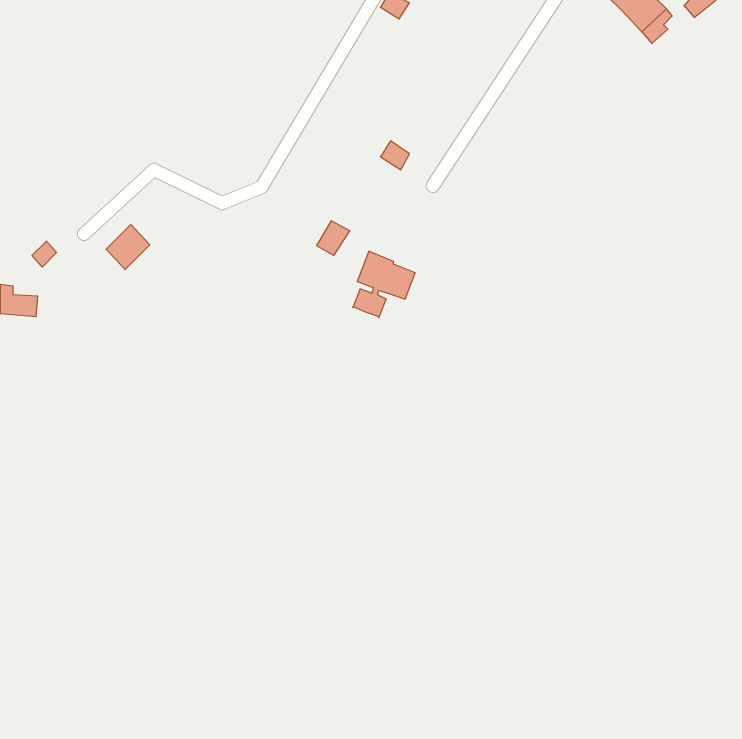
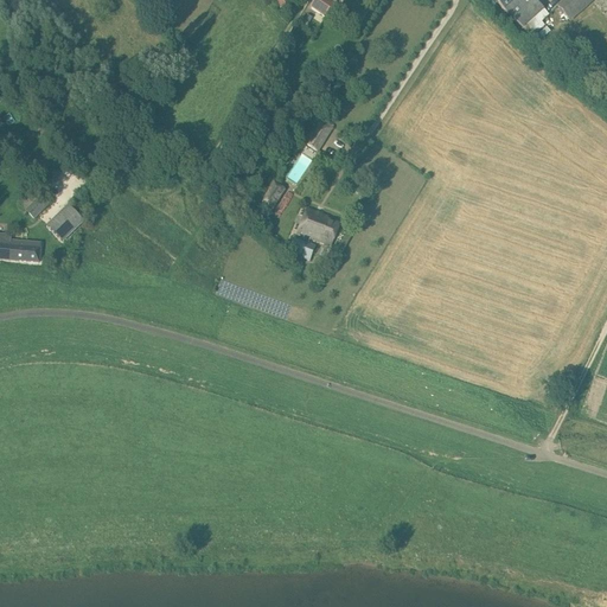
building: [106,225,150,270] -> [49,203,84,239]

